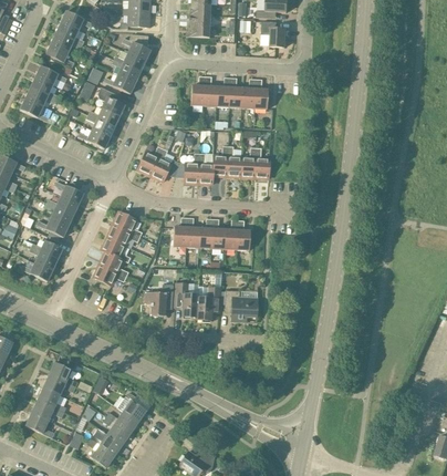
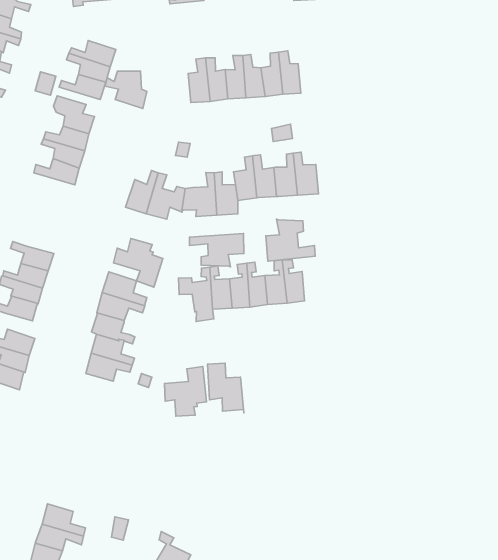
building: [122,33,149,61] -> [105,71,147,109]
building: none -> [113,239,163,287]
building: none -> [266,219,315,261]
building: none -> [190,234,244,267]
building: [196,287,220,319] -> none
building: [224,289,257,321] -> none

